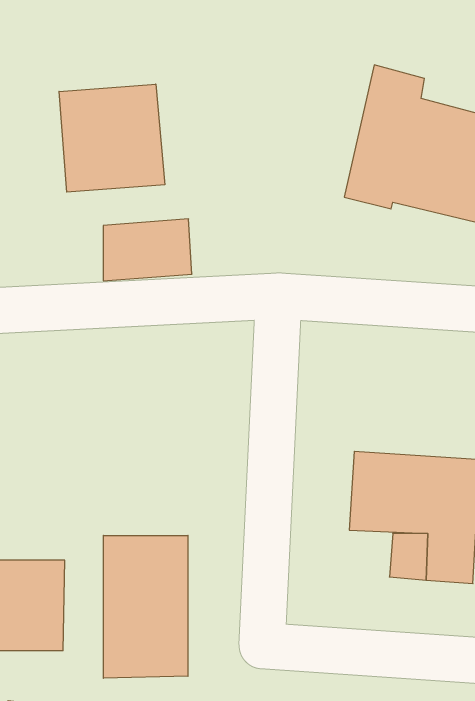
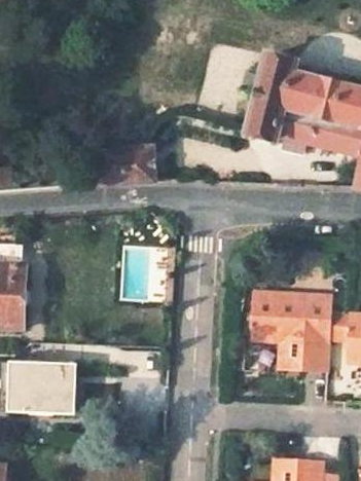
building: [59,84,165,192] -> none
building: [103,535,188,678] -> none

